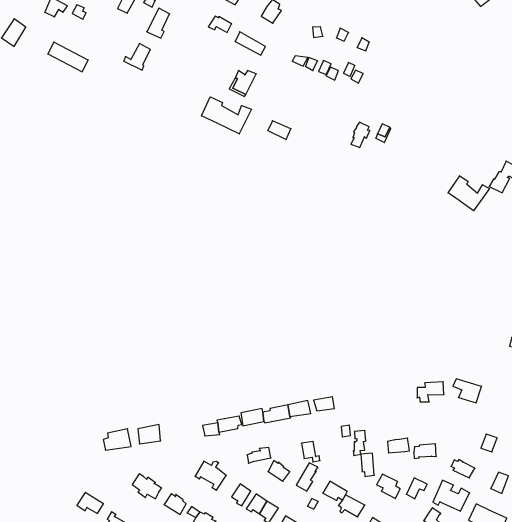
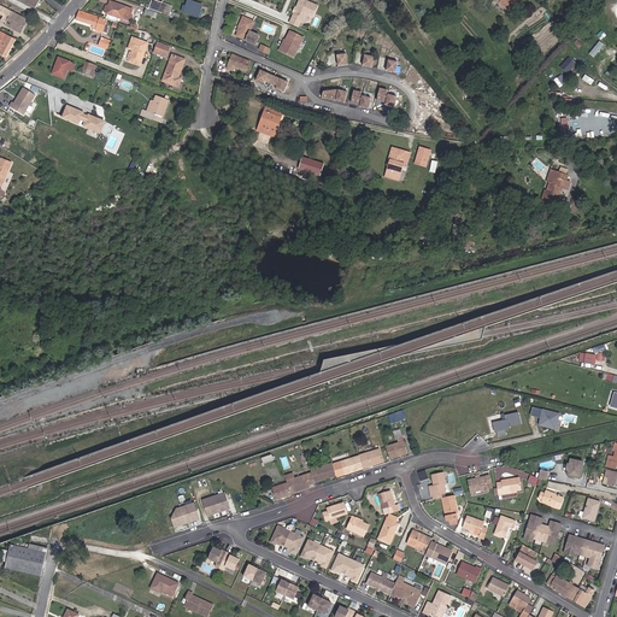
building: [201,97,252,134] -> none
building: [448,176,490,211] -> none

